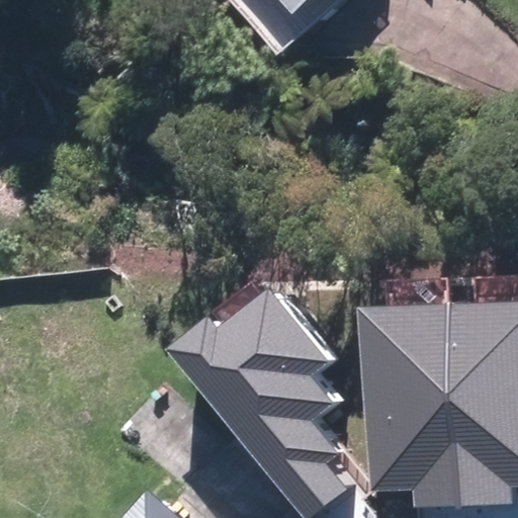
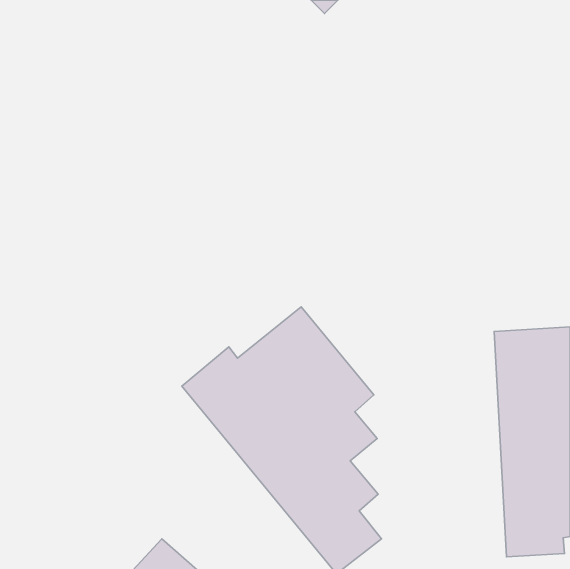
building: [357,301,459,508] -> none

